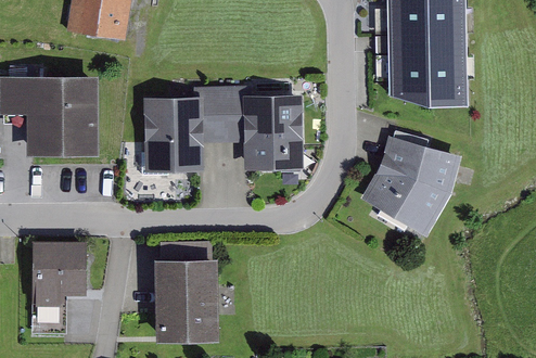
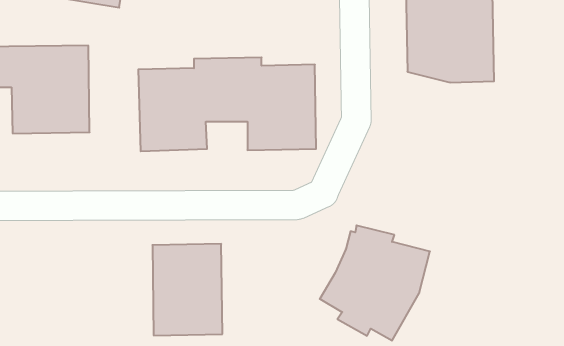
building: [360,132,461,238] -> [320,225,430,341]
building: [31,242,86,335] -> none

